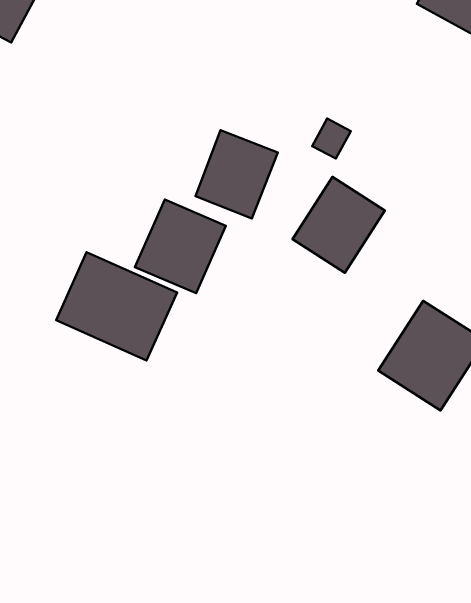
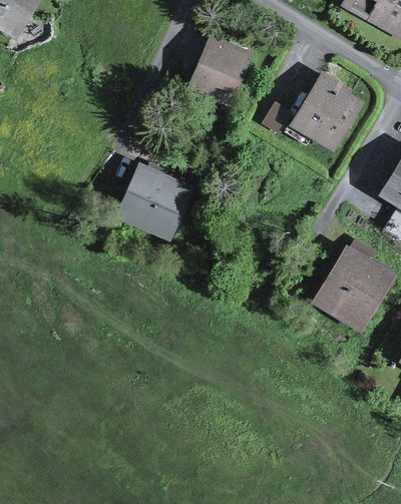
building: [196,130,278,219] -> [182,41,249,112]
building: [292,177,385,273] -> [290,75,364,152]
building: [56,252,177,360] -> none

